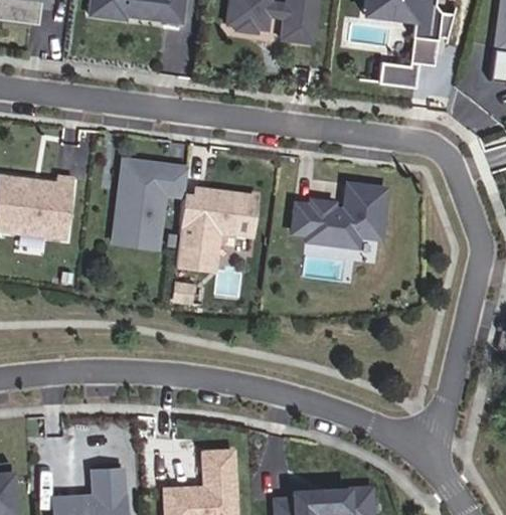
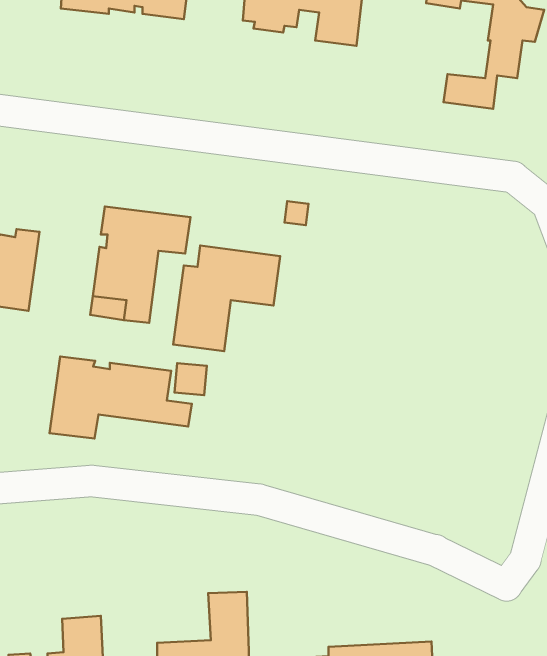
building: [292,186,385,248] -> none
building: none -> [50,357,192,438]

